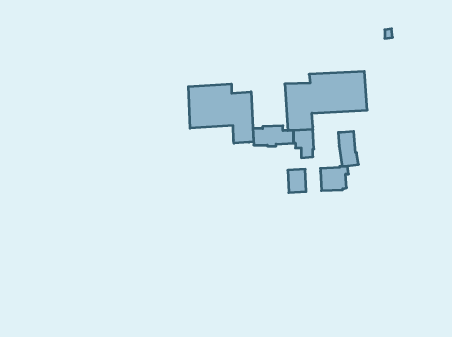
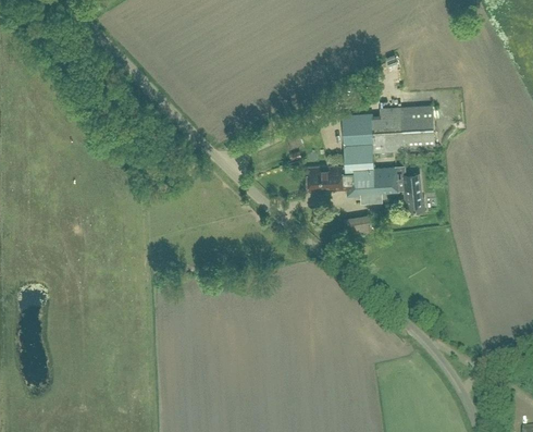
building: [188,84,253,143] -> none
building: [320,166,349,191] -> [374,165,406,193]

